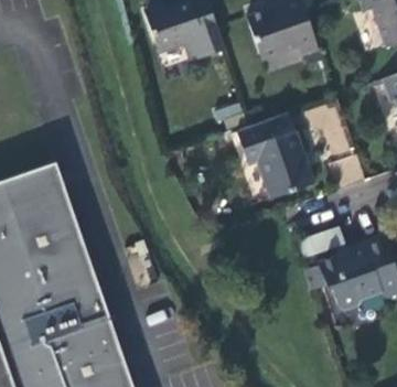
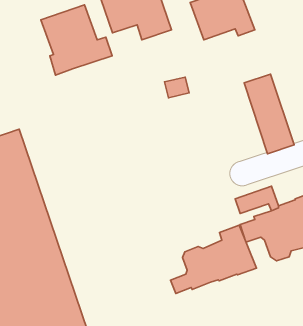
building: none -> [41,5,112,75]
building: [236,114,314,197] -> none
building: none -> [170,225,256,293]

